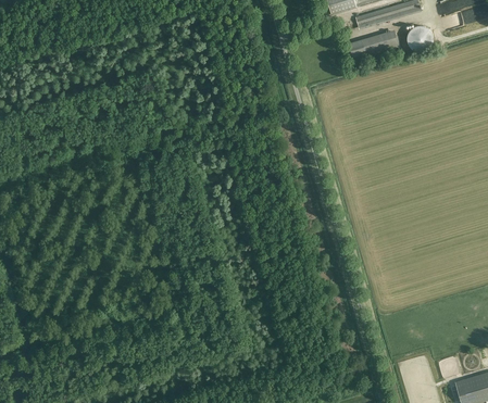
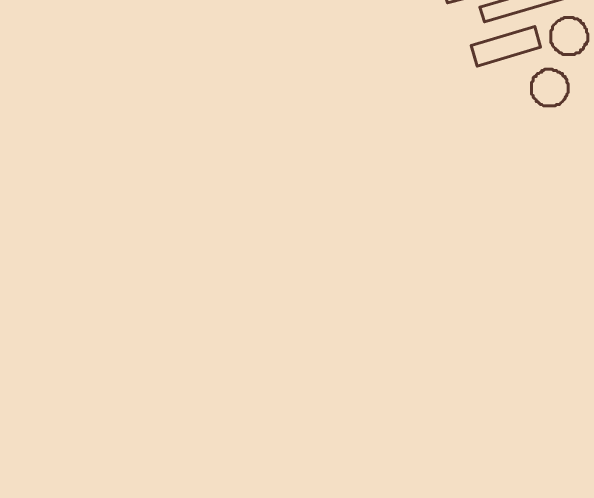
building: none -> [532,69,568,106]

